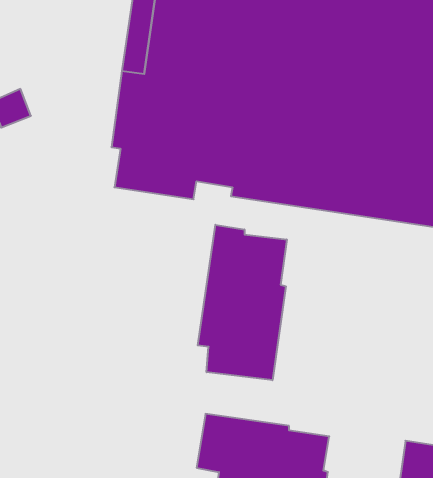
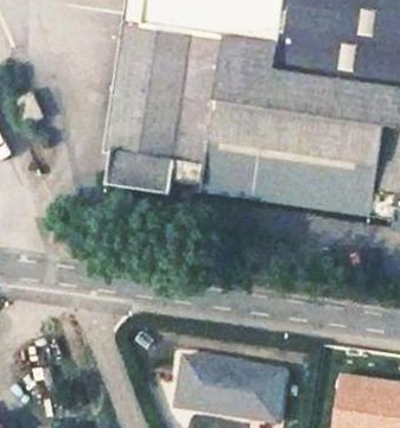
building: [198,225,287,380] -> none

